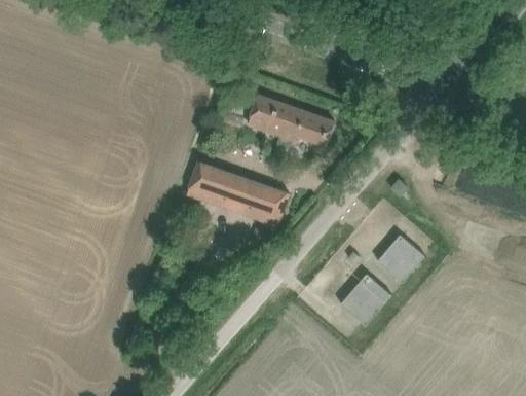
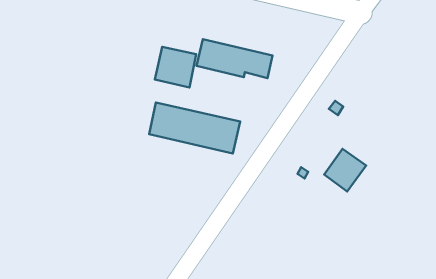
building: none -> [155,47,196,88]
building: [339,275,390,327] -> none

